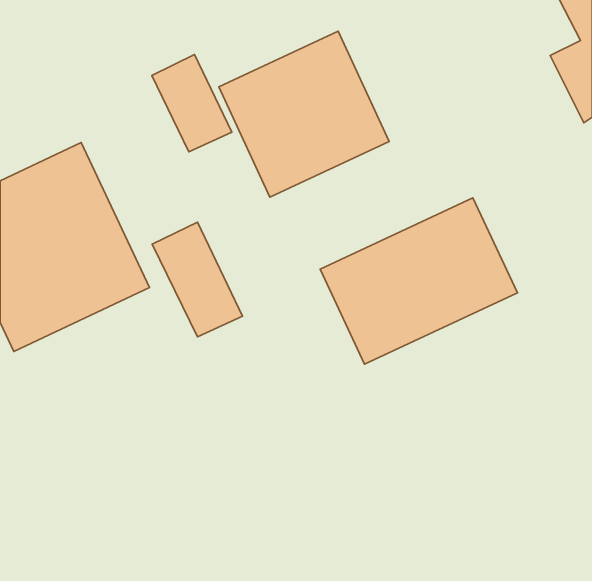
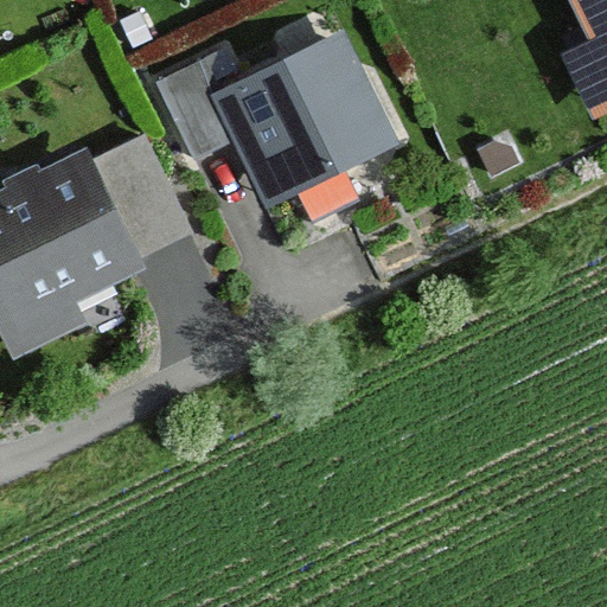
building: [320,198,517,364] -> none
building: [152,222,243,337] -> [97,128,190,245]

